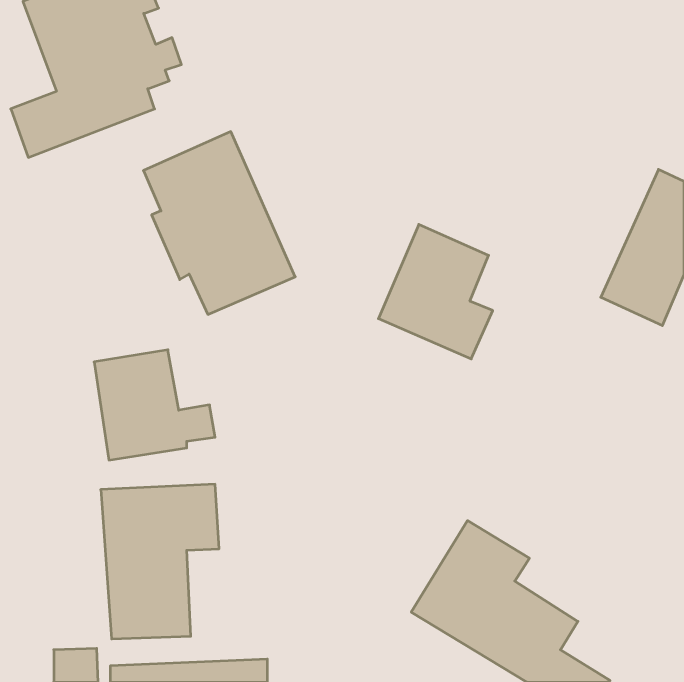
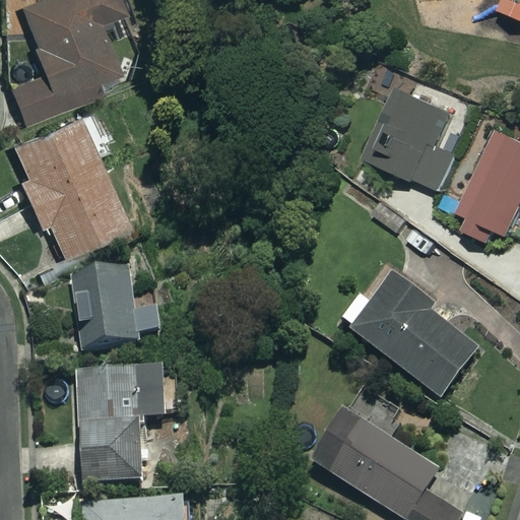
building: [143,132,295,314] -> [9,112,124,250]
building: [378,224,493,359] -> [367,86,453,188]
building: none -> [341,274,478,398]

